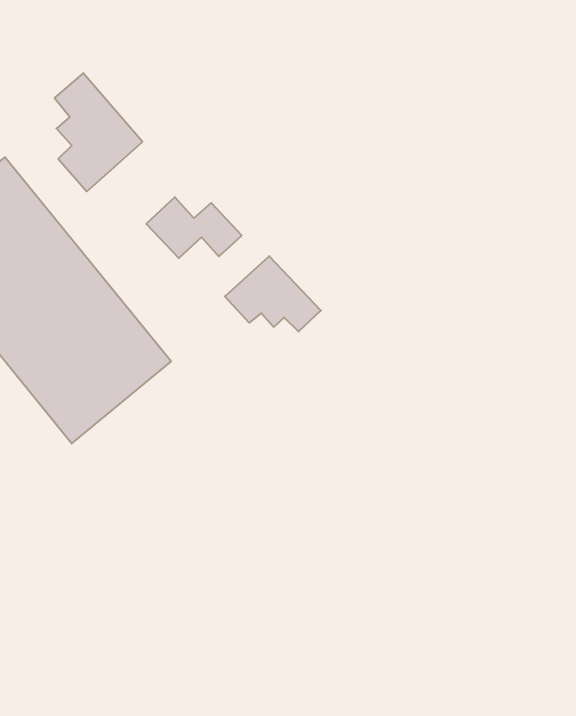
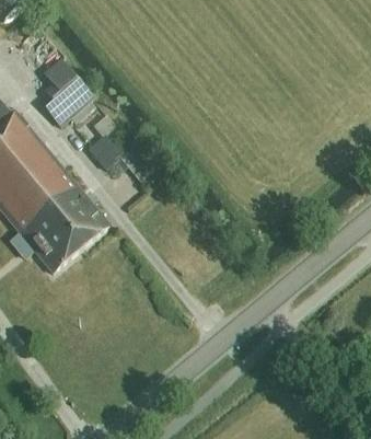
building: [225,256,321,332] -> none

